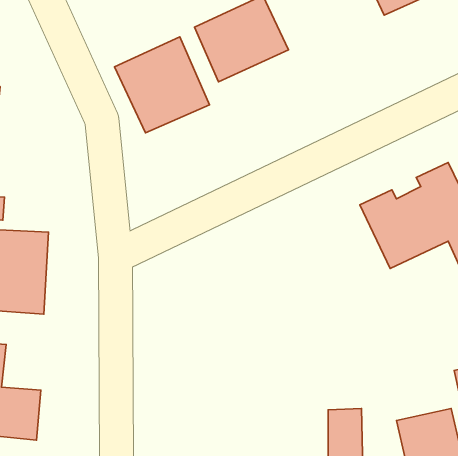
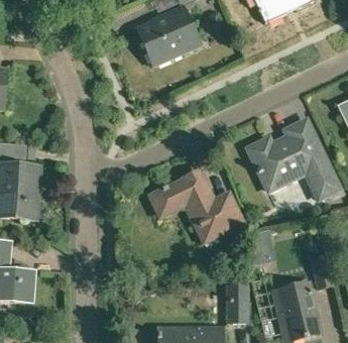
building: [115,37,210,133] -> none
building: none -> [149,172,241,241]

